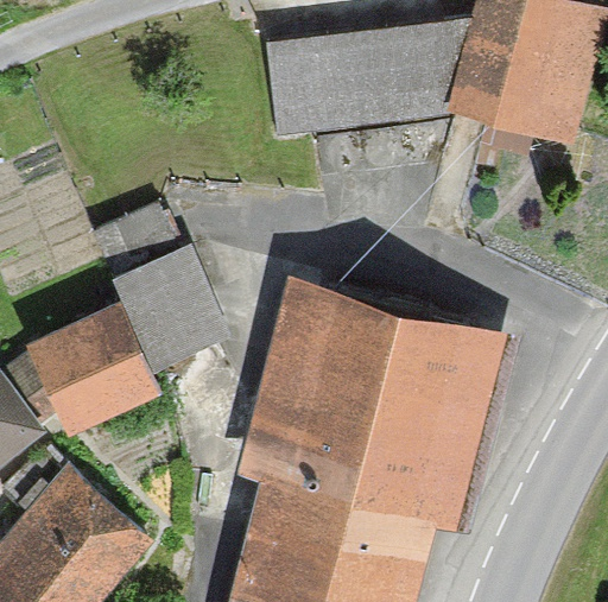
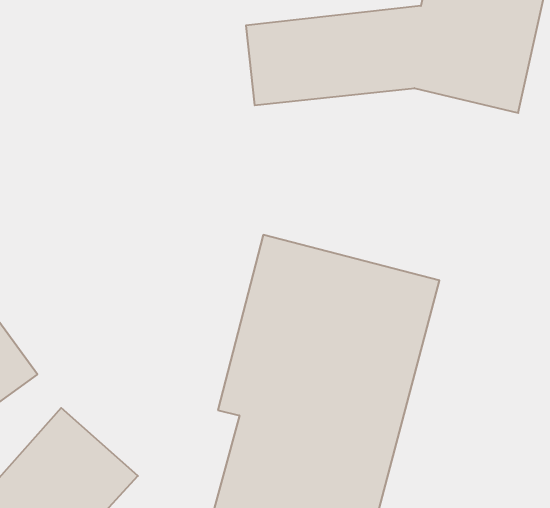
building: [27,208,228,433] -> none

